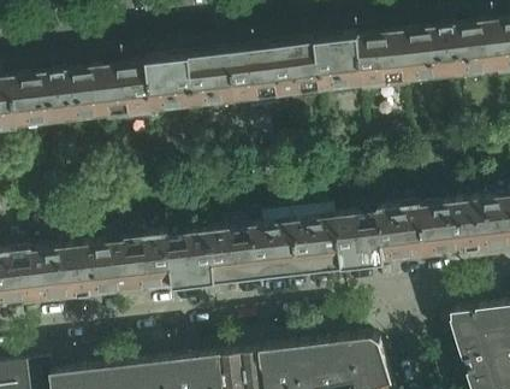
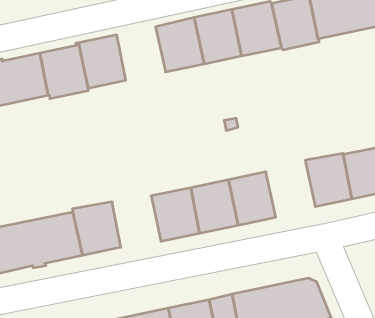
building: [188,52,236,106] -> none
building: [333,213,382,267] -> none
building: [166,232,214,287] -> none

